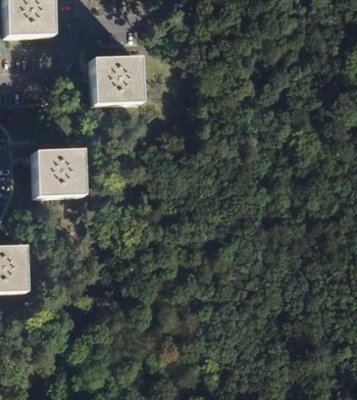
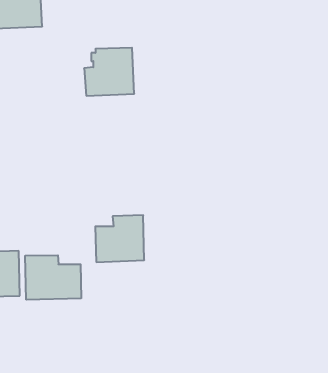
building: [37,149,86,196] -> [95,215,144,262]
building: none -> [25,255,81,300]

